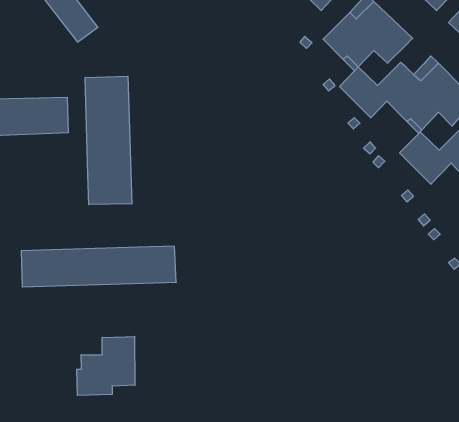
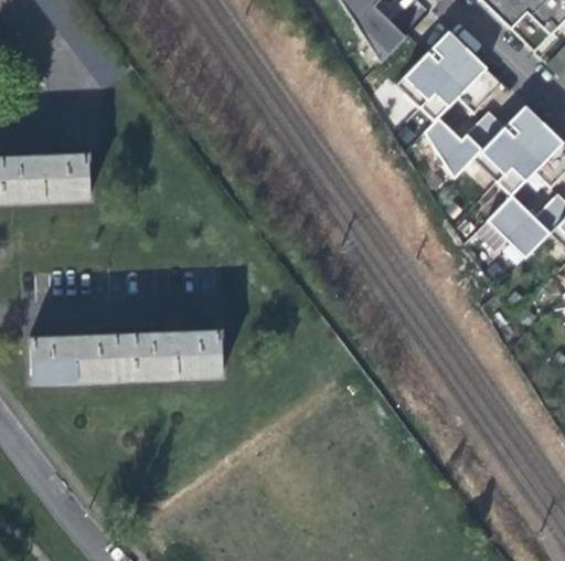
building: [85,76,132,205] -> none
building: [77,336,135,395] -> none

